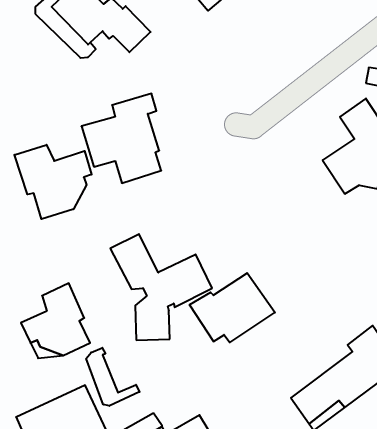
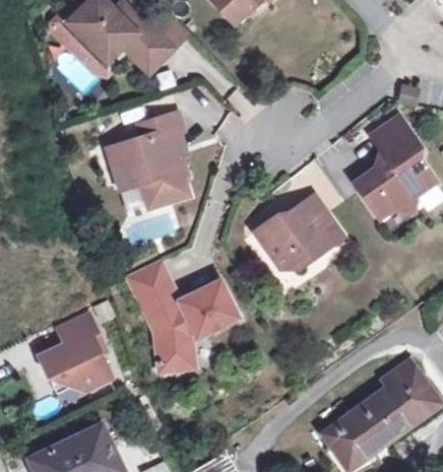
building: [14,145,92,219] -> none
building: [189,273,275,342] -> [252,195,342,268]
building: [86,348,140,406] -> none

